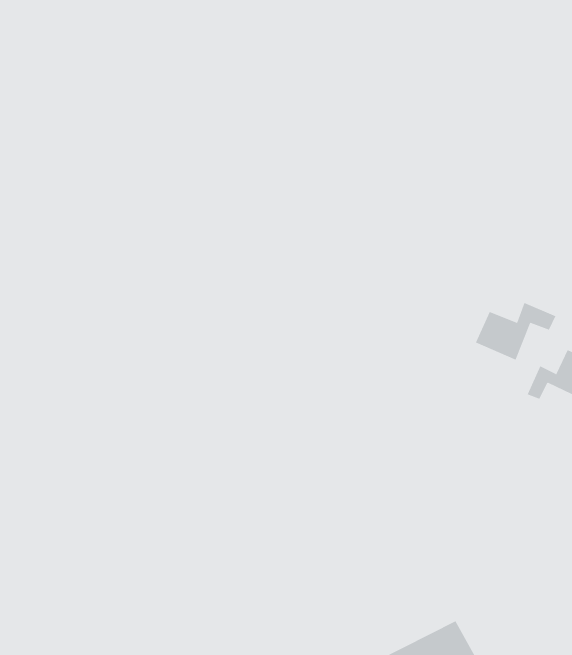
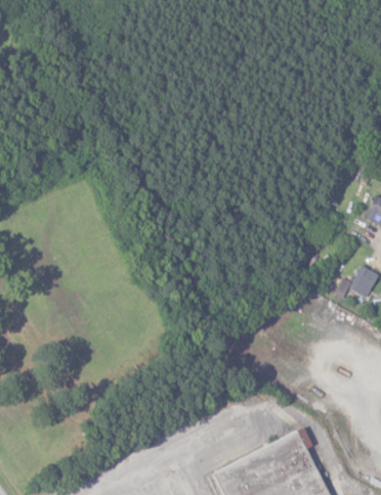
building: [475,302,556,361] -> none

